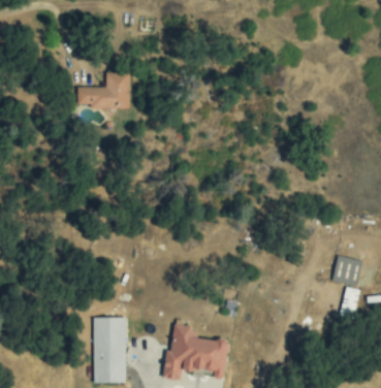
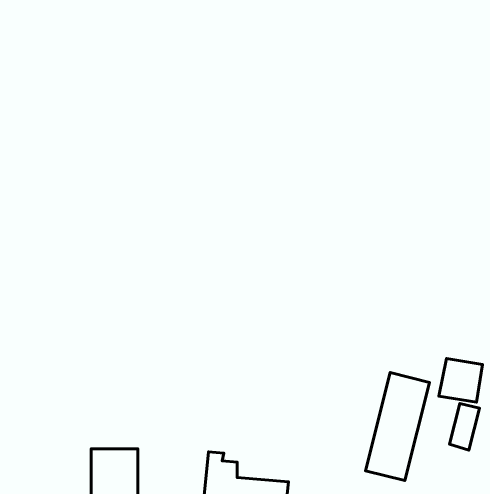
building: [76,72,130,109] -> none
building: none -> [365,373,430,481]

